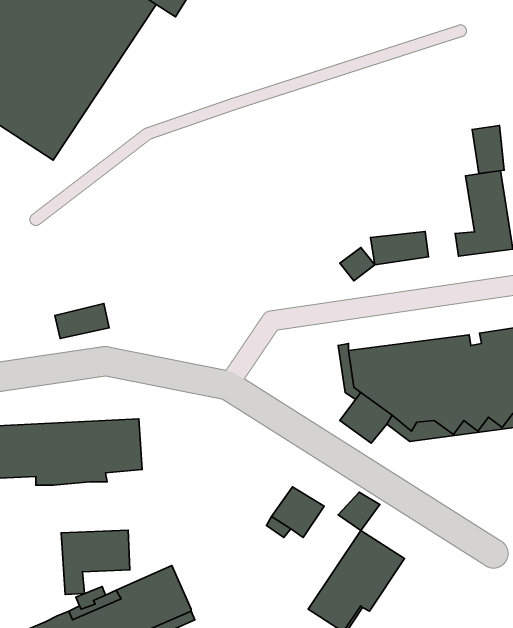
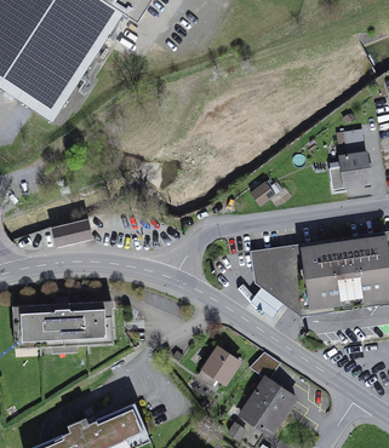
building: [472,126,504,174] -> none
building: [371,231,429,265] -> none
building: [61,530,130,594] -> none

